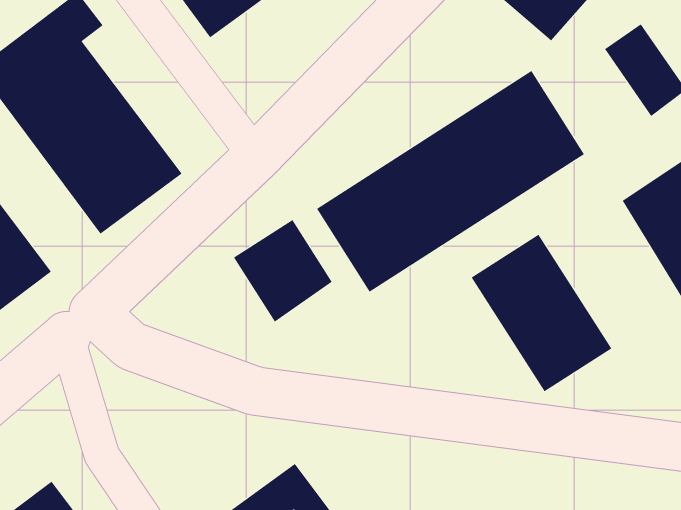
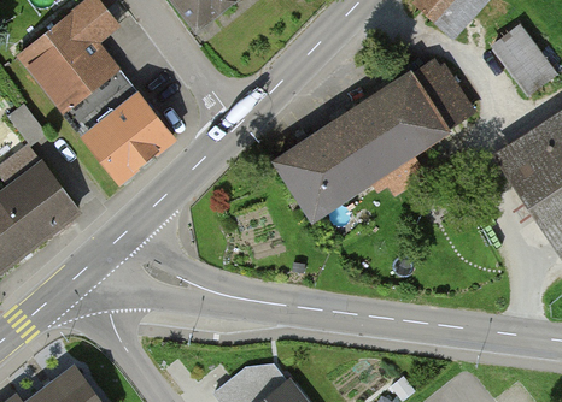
building: [233,219,333,322] -> none
building: [471,234,612,392] -> none

